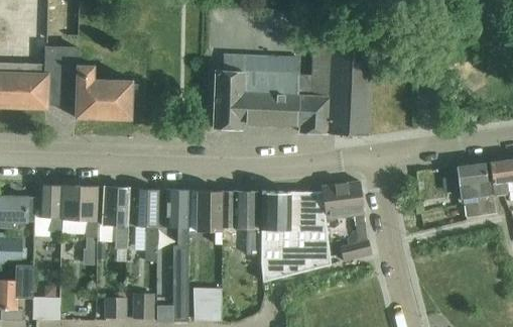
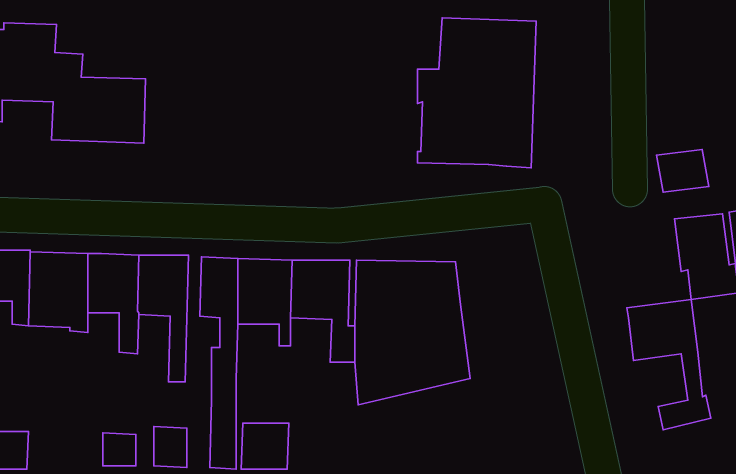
building: [213,54,301,129] -> none
building: none -> [657,149,709,192]
building: [320,182,372,261] -> [627,300,711,430]

